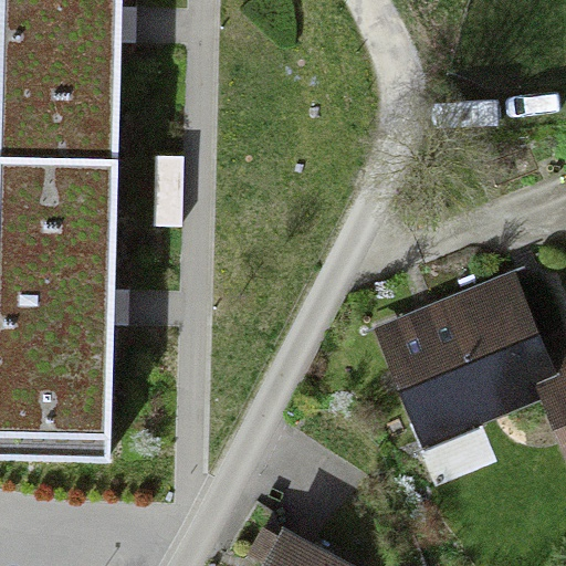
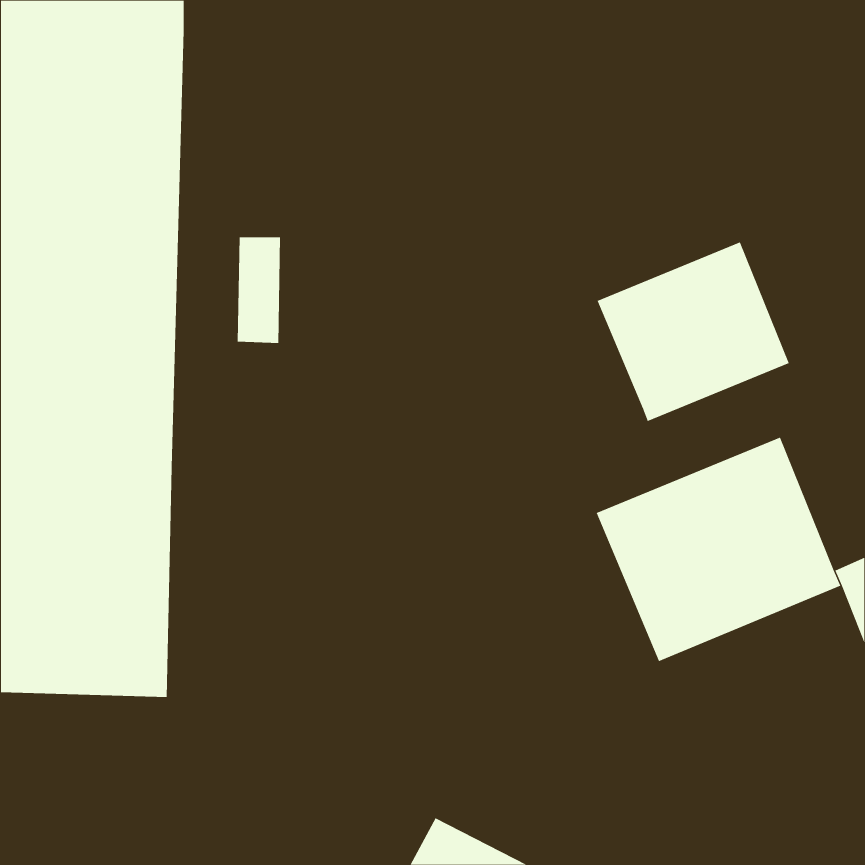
building: none -> [597,241,790,422]

